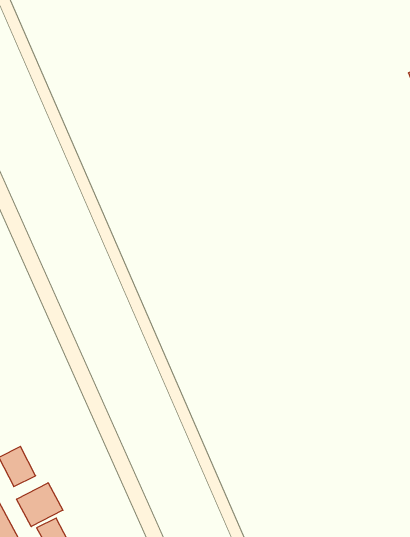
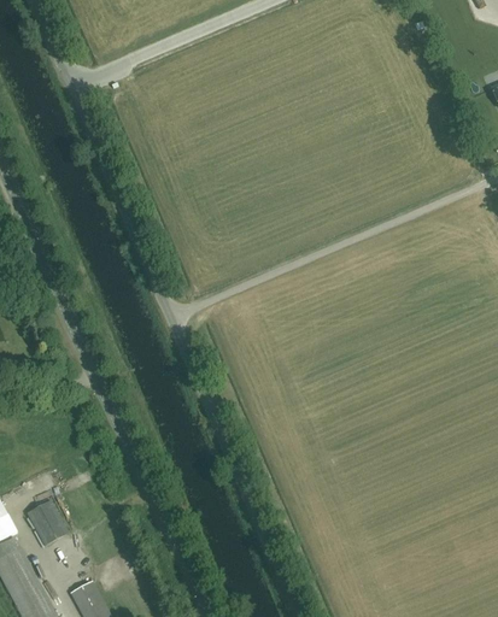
building: [17,483,63,527] -> none

